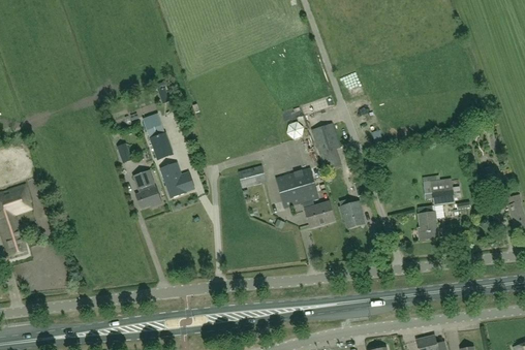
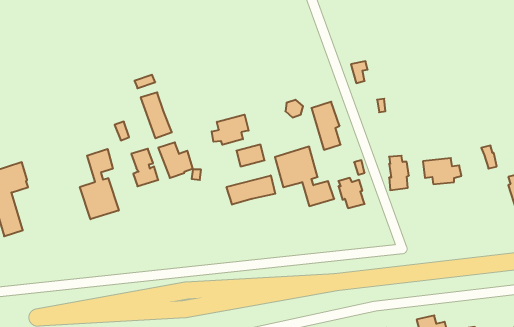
building: none -> [212,115,249,145]
building: none -> [80,149,119,219]
building: none -> [227,175,275,205]
building: [418,206,437,241] -> [389,156,409,190]

